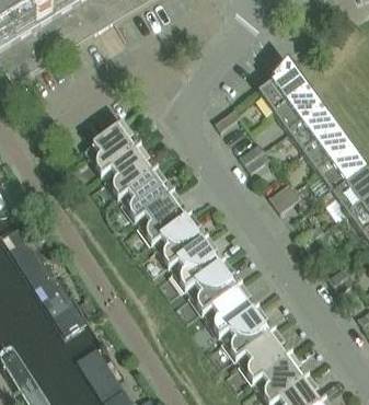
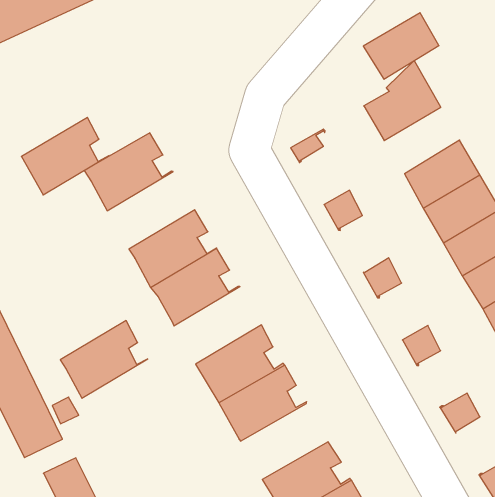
building: [272,84,320,129] -> [363,13,439,79]
building: [100,143,155,196] -> [21,117,109,195]
building: [150,212,206,265] -> [60,321,148,398]
building: [200,282,256,334] -> none

